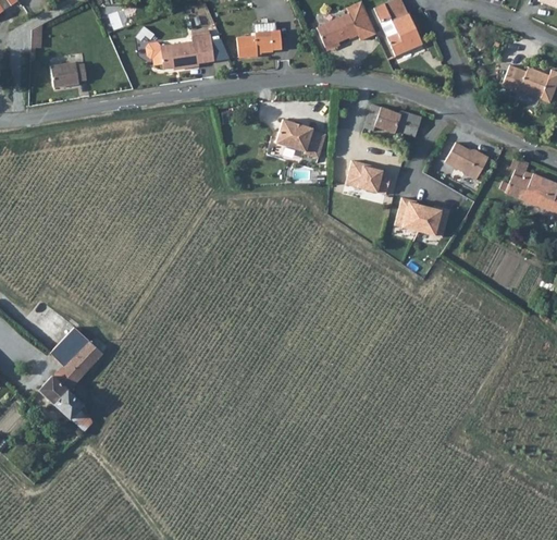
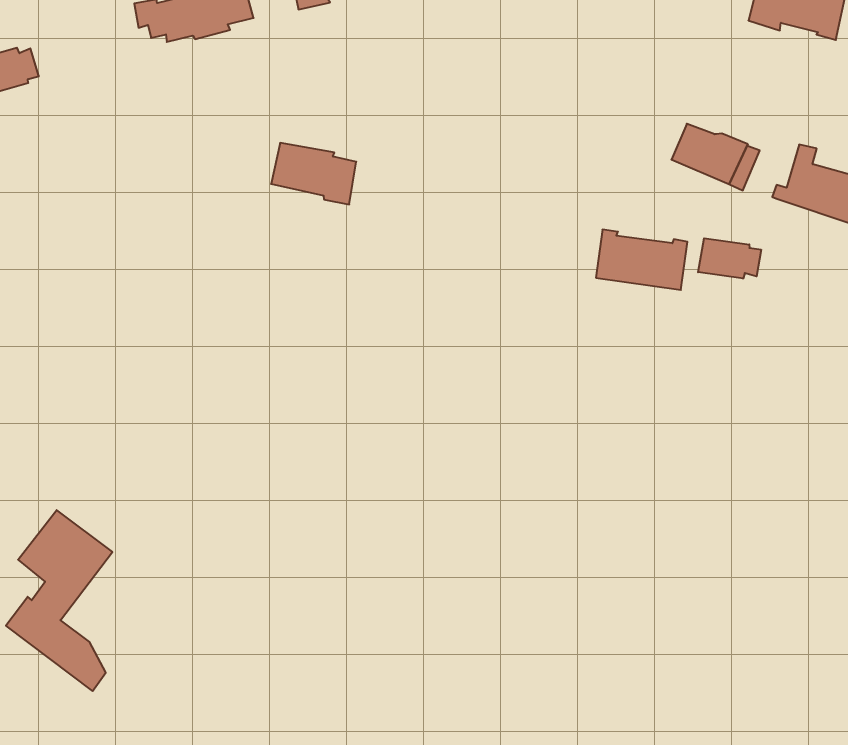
building: [364,105,422,138] -> none
building: [275,120,325,159] -> [271,143,356,204]
building: [346,160,392,194] -> none
building: none -> [698,238,761,279]

